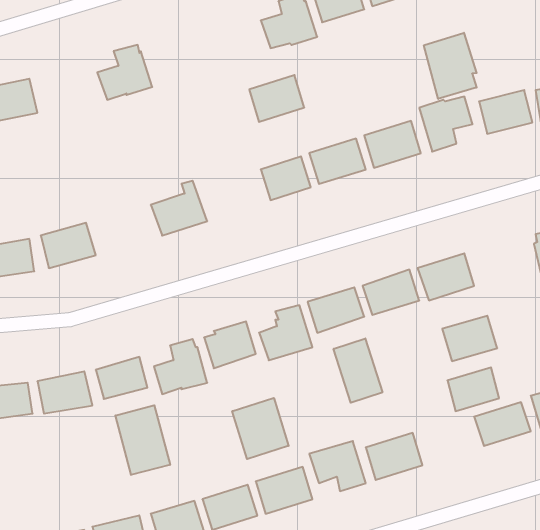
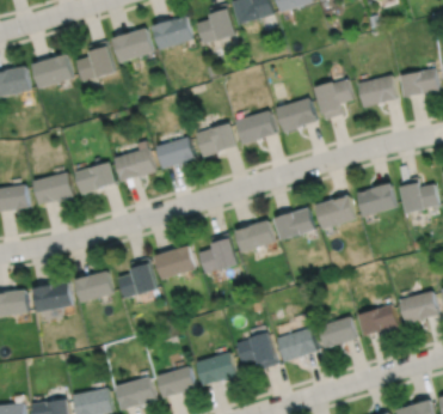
building: none -> [113,26,155,61]
building: [424,33,477,99] -> none
building: none -> [33,53,74,87]
building: [249,75,304,122] -> [154,14,195,49]
building: none -> [159,135,198,168]
building: none -> [76,160,117,194]
building: [442,316,497,361] -> [355,182,395,215]
building: [334,338,382,403] -> none
building: [447,367,499,411] -> [316,316,355,348]
building: [232,398,289,459] -> none
building: [115,405,170,475] -> none

